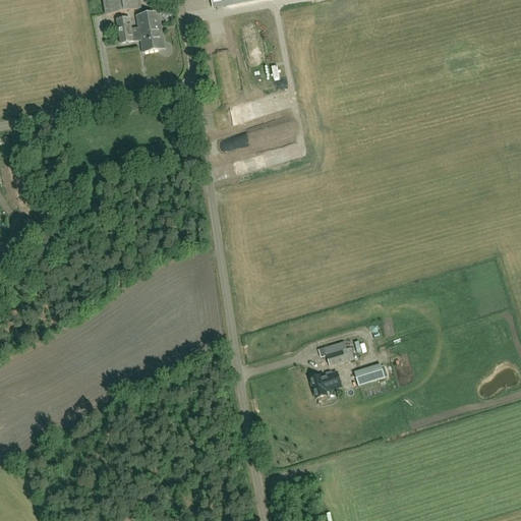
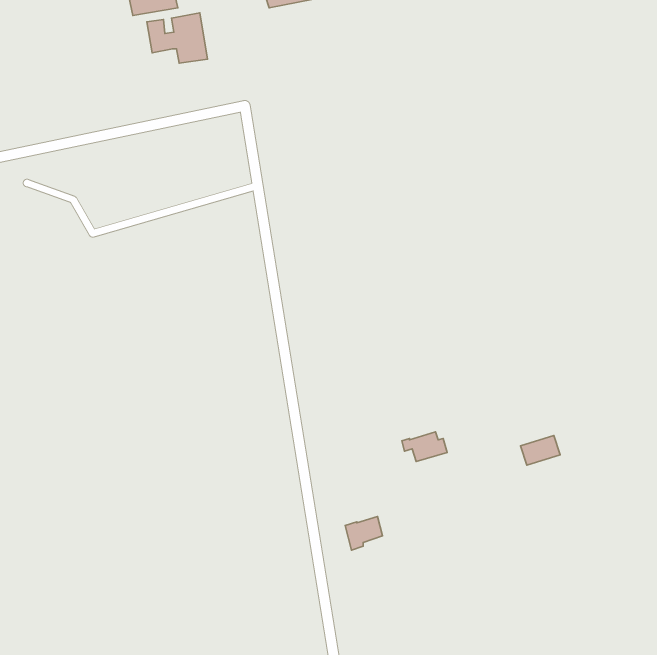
building: [357,360,389,384] -> [520,435,560,465]
building: [310,369,340,396] -> [345,517,383,550]

